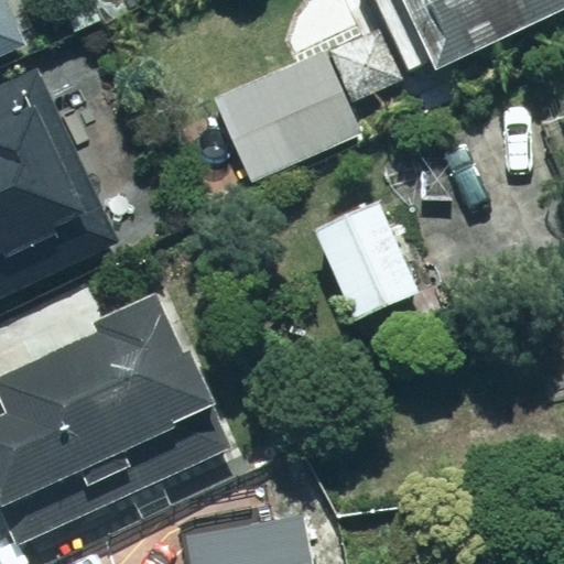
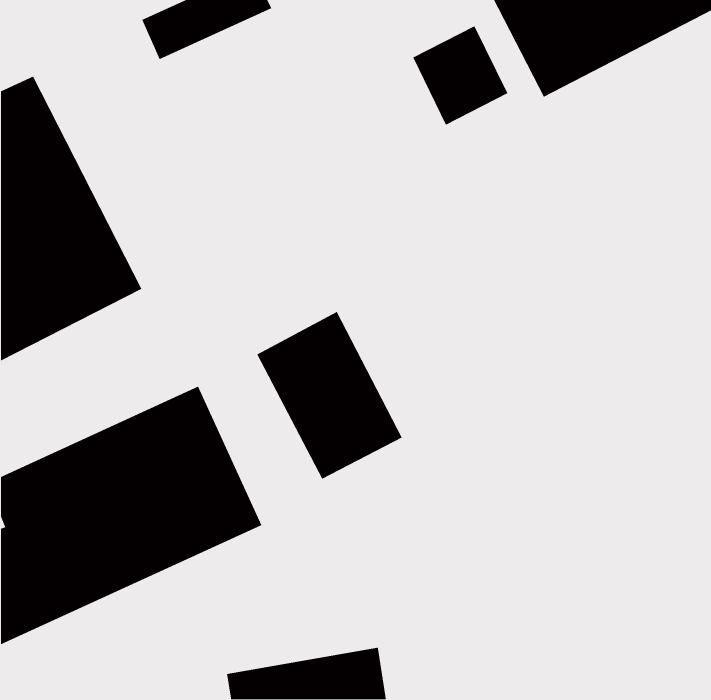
building: [215,47,357,178] -> none
building: [302,199,417,333] -> [256,311,403,480]

